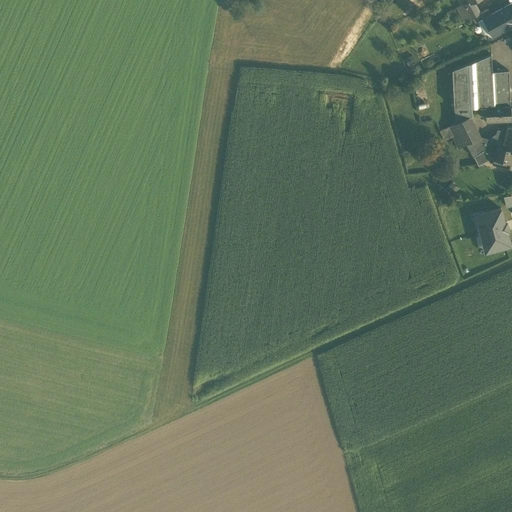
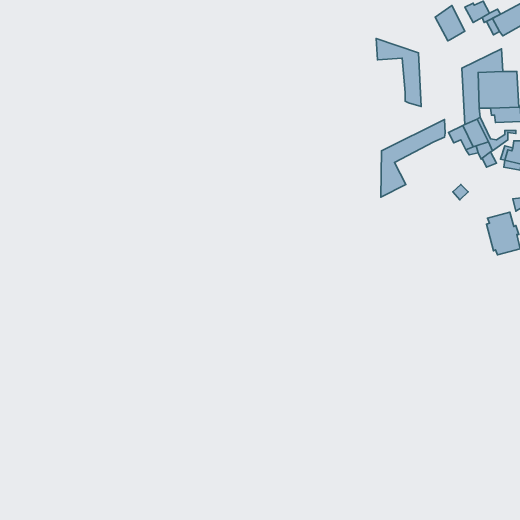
building: none -> [435,6,465,41]
building: none -> [376,39,421,106]
building: none -> [381,119,445,197]

